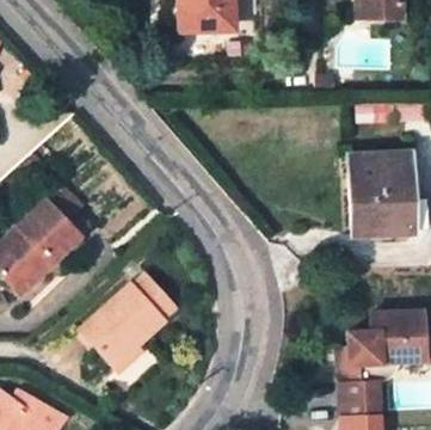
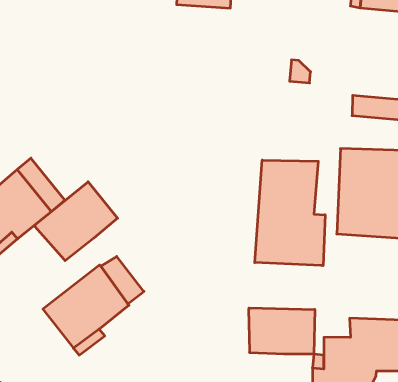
building: none -> [255,160,325,266]
building: none -> [34,182,118,261]
building: none -> [249,308,315,354]

